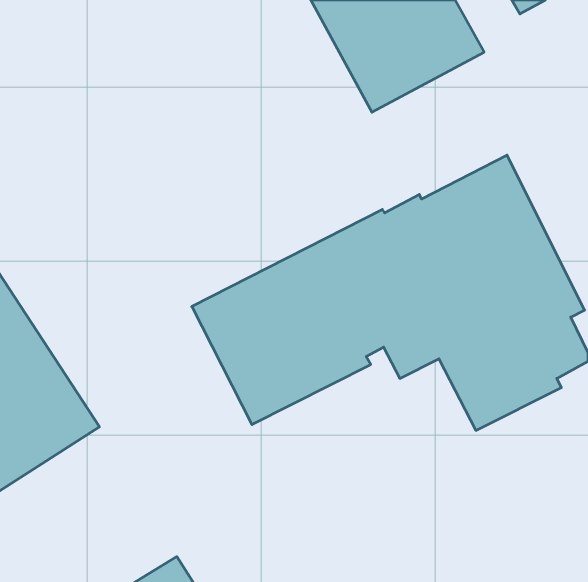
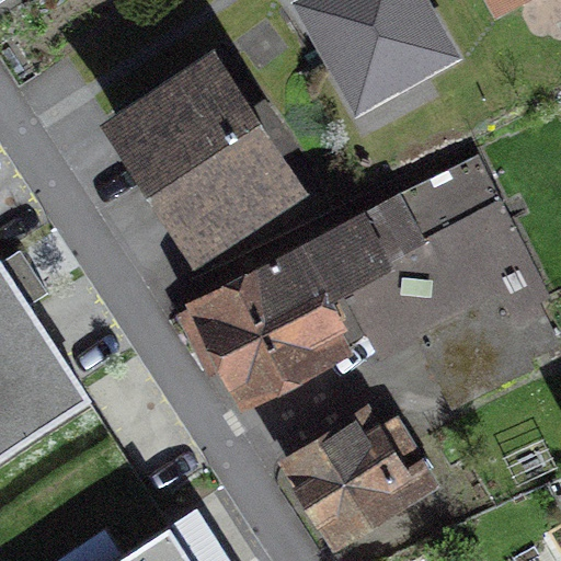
building: none -> [98,42,307,260]
building: none -> [276,404,438,553]

